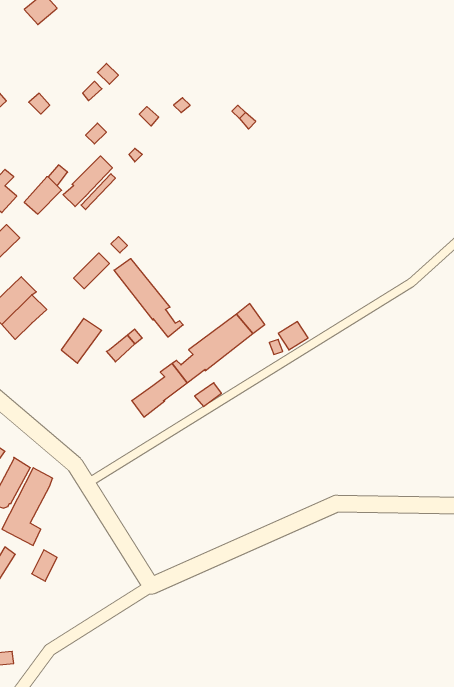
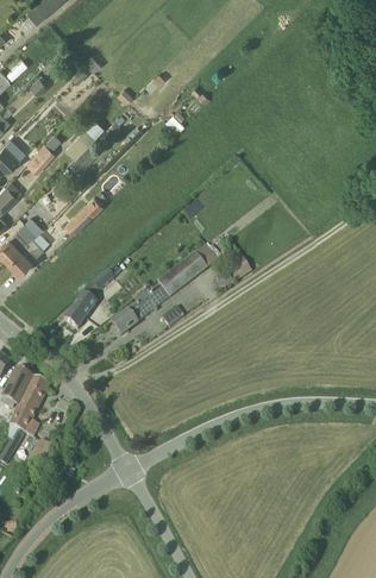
building: [114,259,183,337] -> none
building: [61,318,102,363] -> [64,294,96,329]

